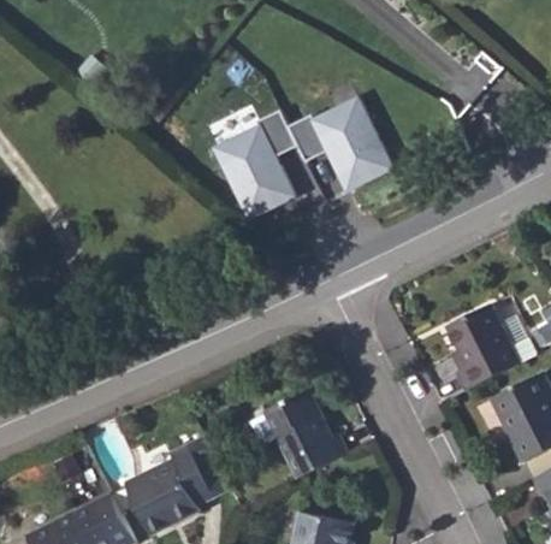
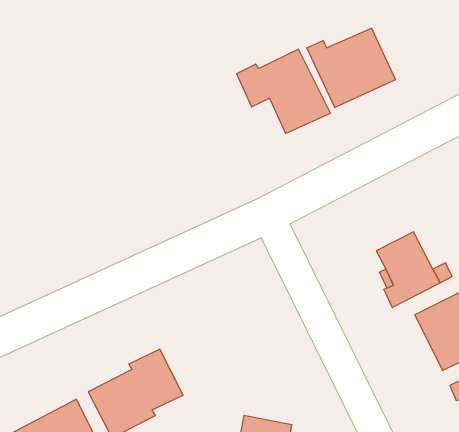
building: none -> [307,28,395,108]
building: [214,111,298,223] -> none
building: [261,394,343,479] -> none

